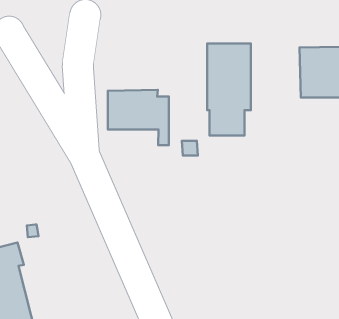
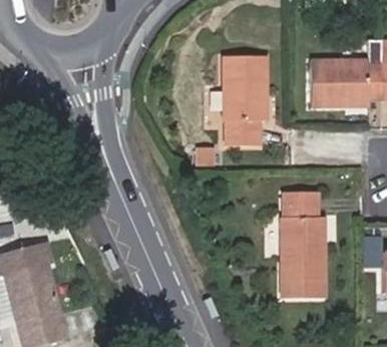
building: [108,90,169,145] -> none
building: none -> [282,192,325,297]

